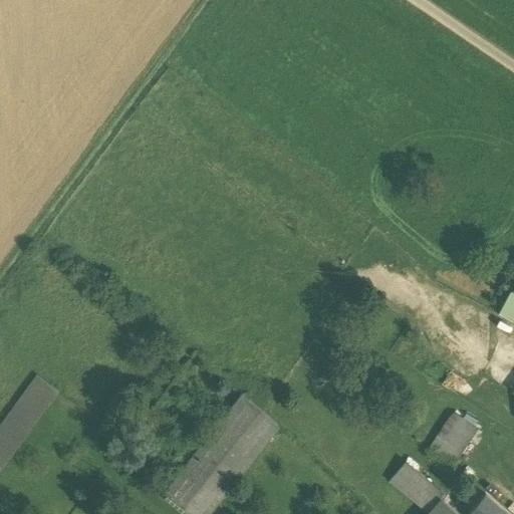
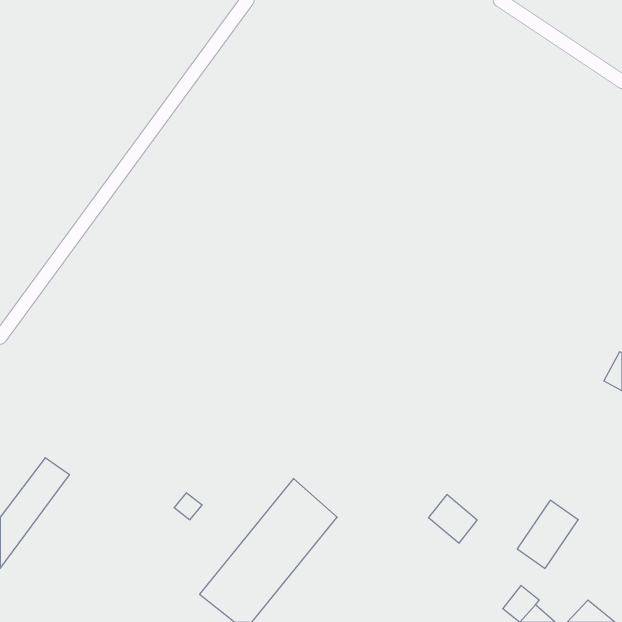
building: [390,462,430,502] -> [429,495,477,543]

